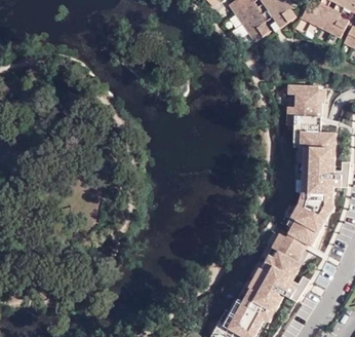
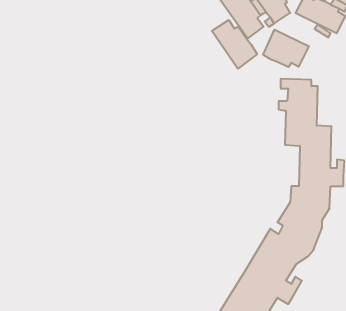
building: none -> [212,20,257,69]
building: none -> [263,30,309,67]

